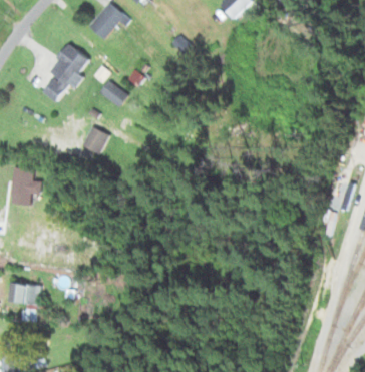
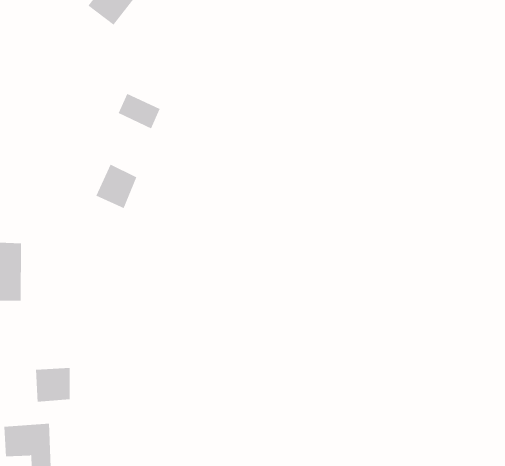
building: [44,43,91,103] -> none
building: none -> [36,367,70,402]

